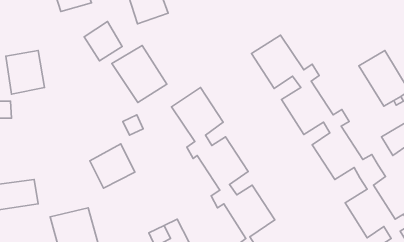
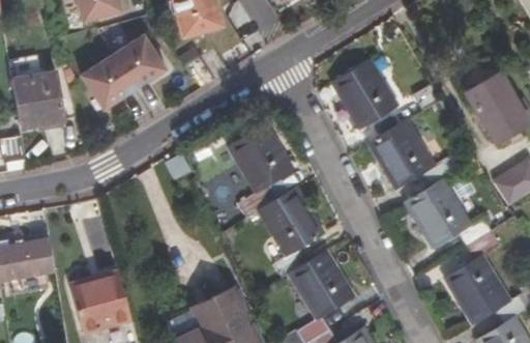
building: none -> [80,57,131,110]
building: [112,45,167,102] -> none
building: [90,144,135,188] -> none

